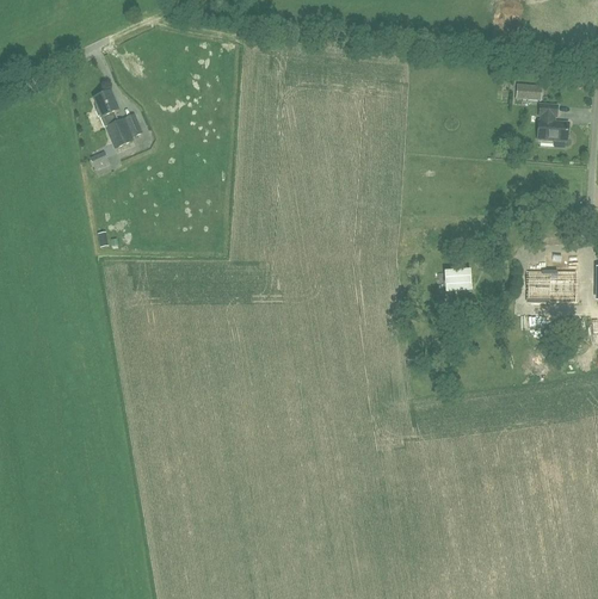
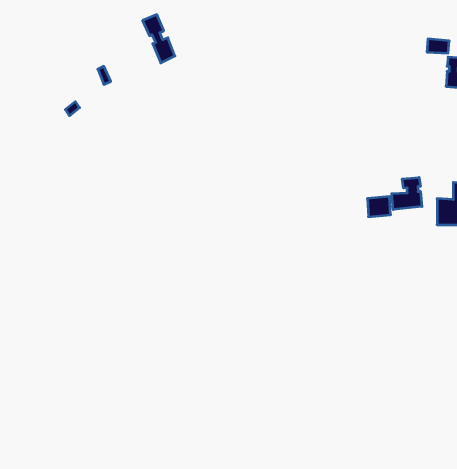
building: [93,89,131,147] -> [143,15,175,63]
building: none -> [392,177,422,210]

